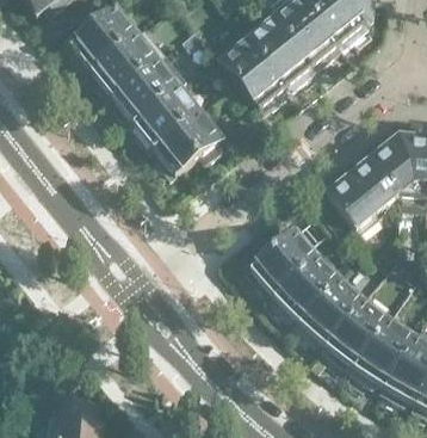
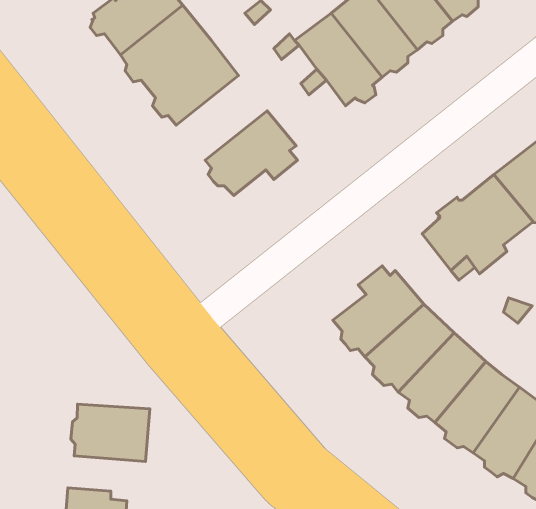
building: [134,79,202,142] -> none
building: none -> [71,404,150,461]

